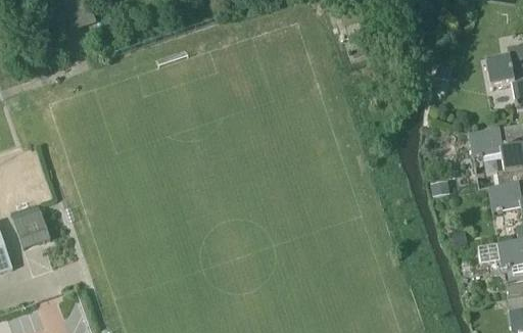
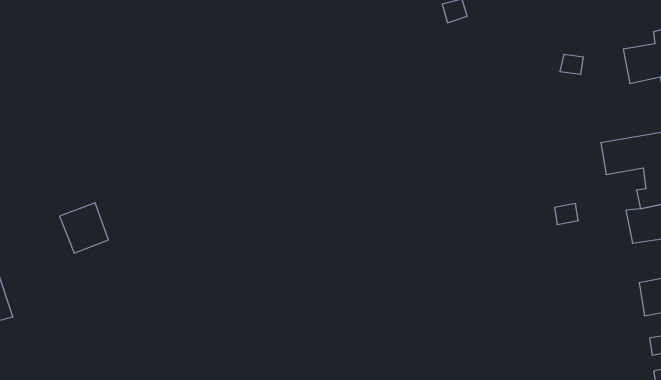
building: [14,209,52,248] -> [60,203,108,253]

